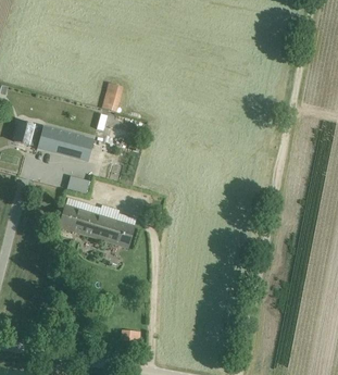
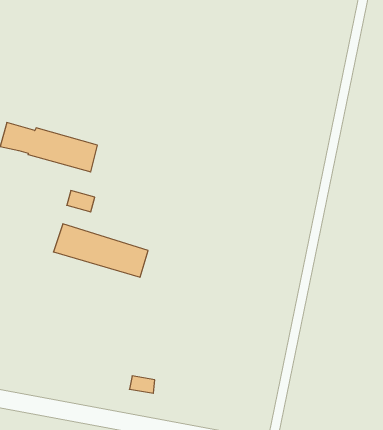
building: [103,80,124,111] -> none

